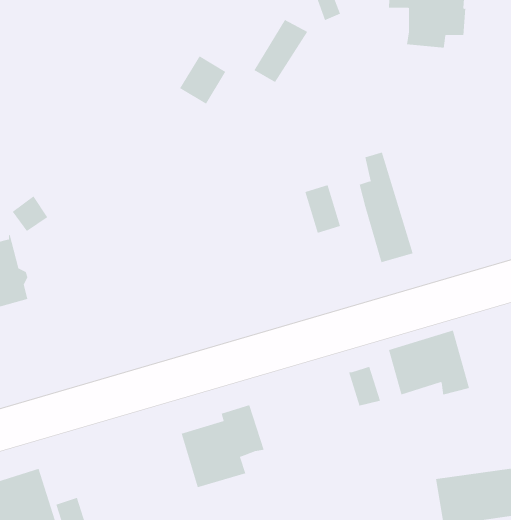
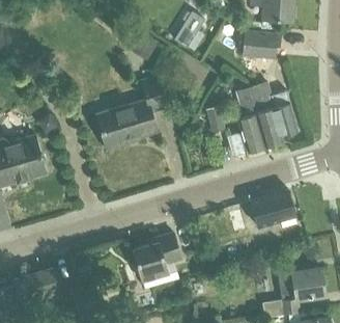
building: none -> [243,30,277,58]
building: none -> [95,76,168,150]
building: none -> [248,82,299,146]

